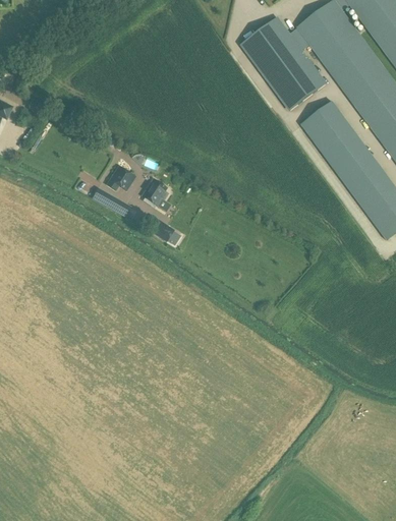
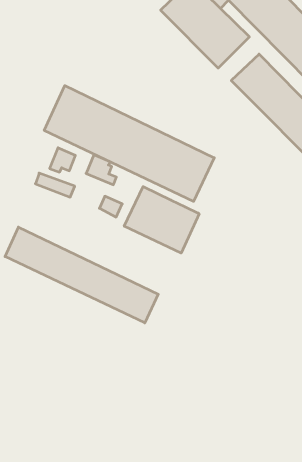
building: none -> [44,86,214,201]
building: none -> [124,187,199,253]
building: none -> [5,227,158,323]

